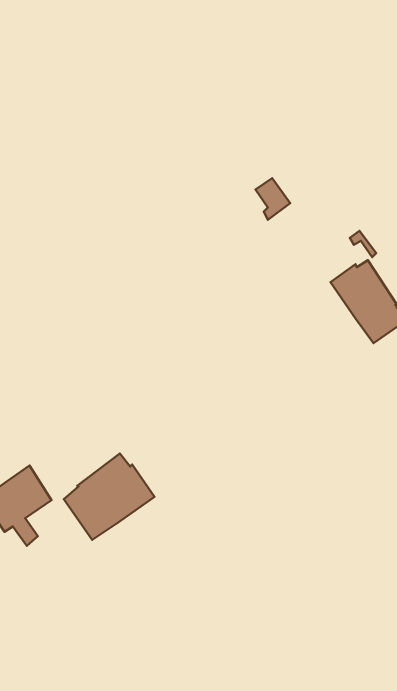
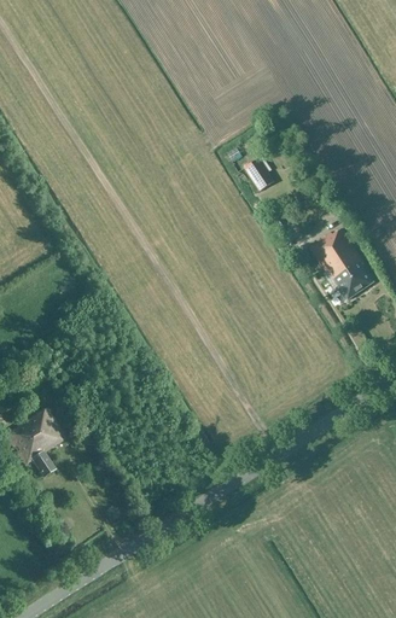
building: [64,453,154,540] -> none

